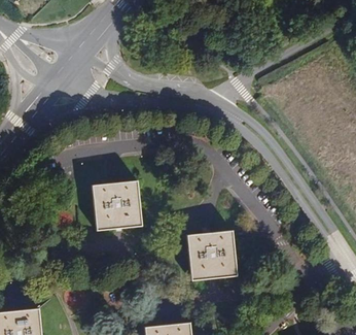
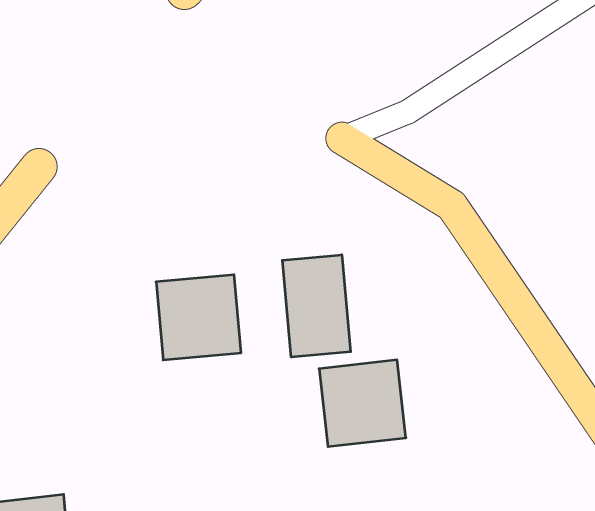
building: none -> [282,255,351,357]

